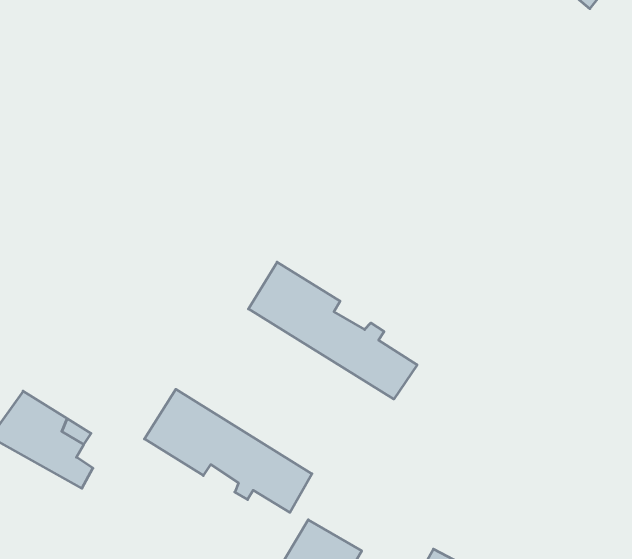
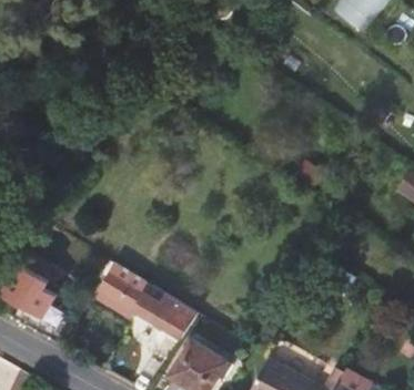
building: [248,262,417,399] -> none

